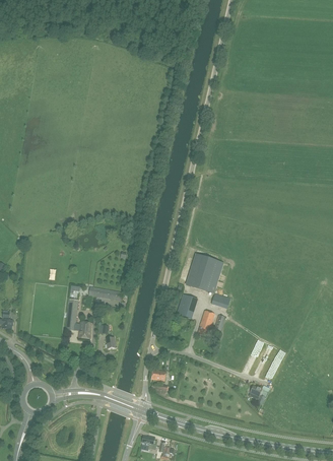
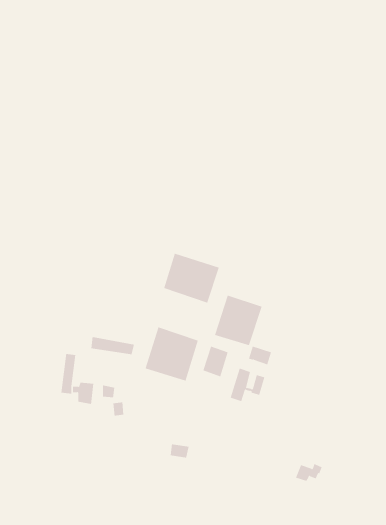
building: none -> [164,253,219,304]
building: none -> [145,327,198,381]

